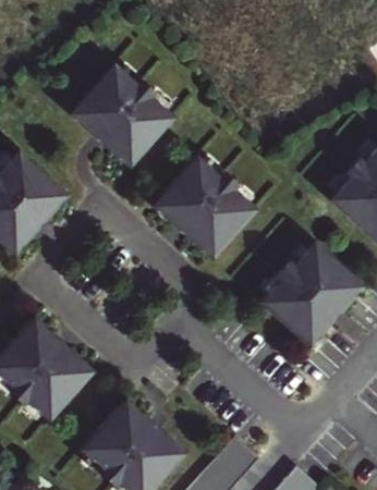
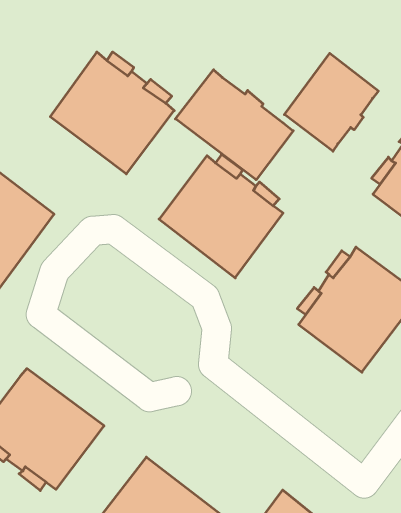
building: none -> [284,53,378,151]
building: none -> [175,70,293,180]

